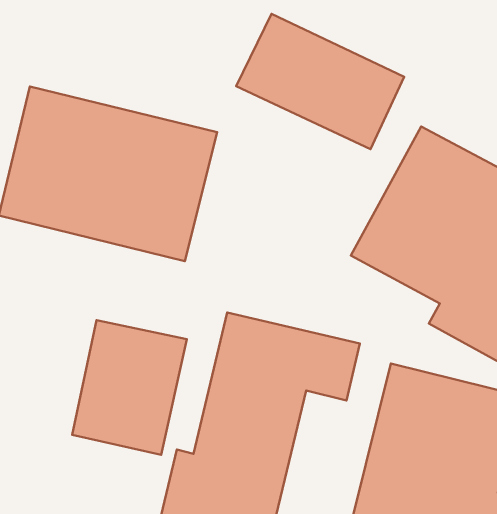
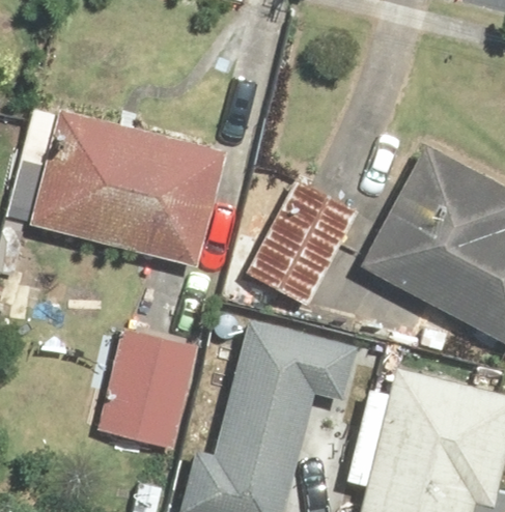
building: [236,14,404,149] -> none
building: none -> [247,176,363,310]

